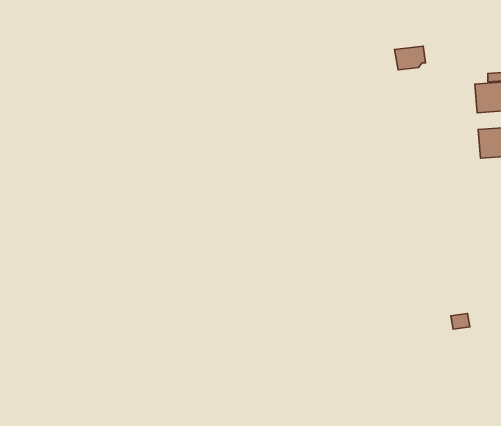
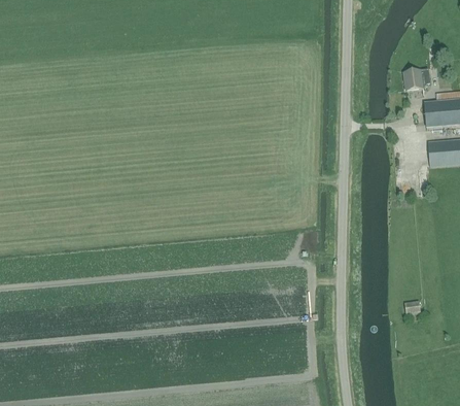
building: [395,46,426,70] -> [402,69,429,90]

